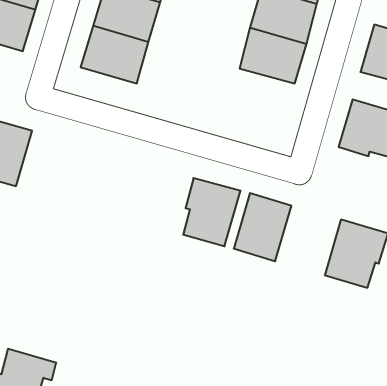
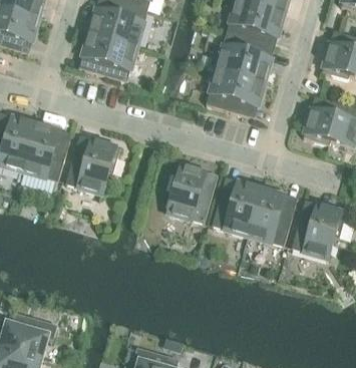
building: none -> [206,68,265,117]
building: none -> [22,122,71,181]
building: none -> [65,135,120,194]
building: none -> [248,188,297,246]

